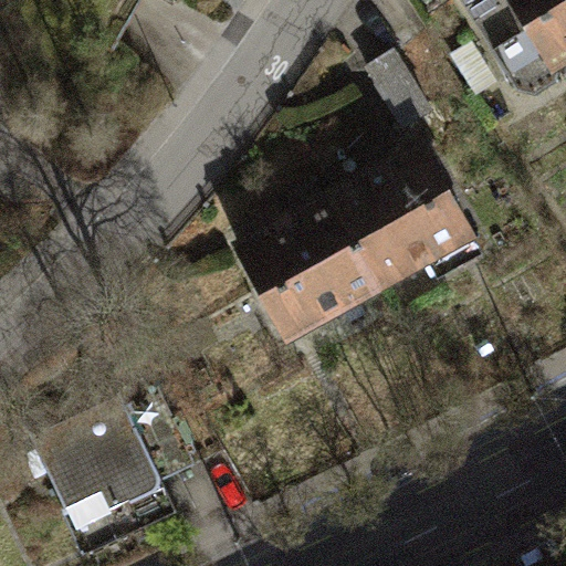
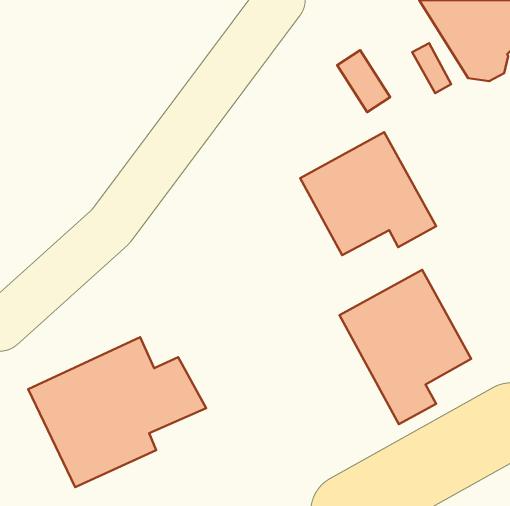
building: [242,202,379,336] -> none
building: none -> [339,270,471,424]

